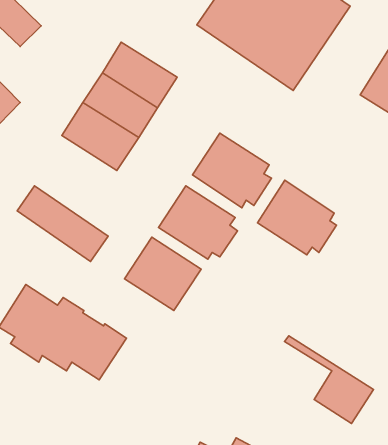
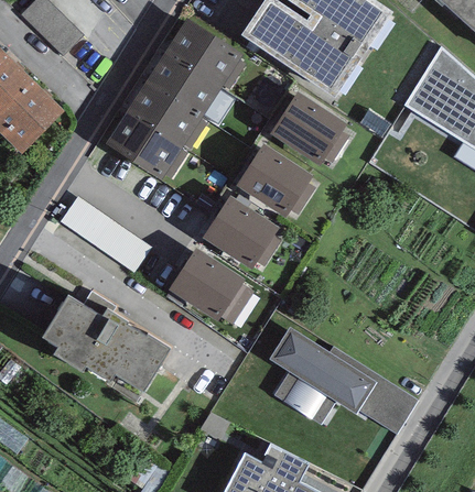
building: none -> [164,17,241,86]
building: [257,180,336,255] -> [269,90,348,165]
building: none -> [268,326,376,424]

